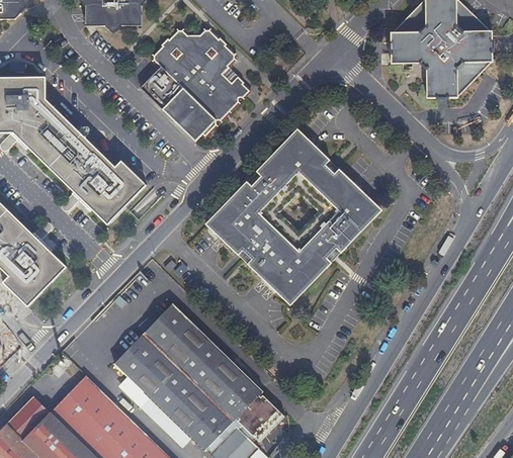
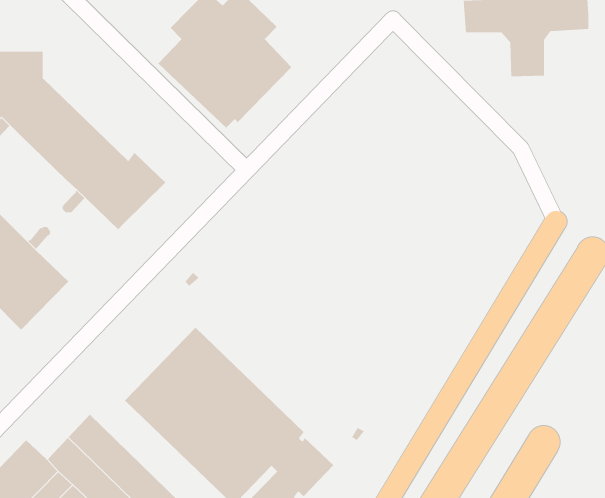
building: [459,58,496,96] -> none
building: [204,129,379,305] -> none

